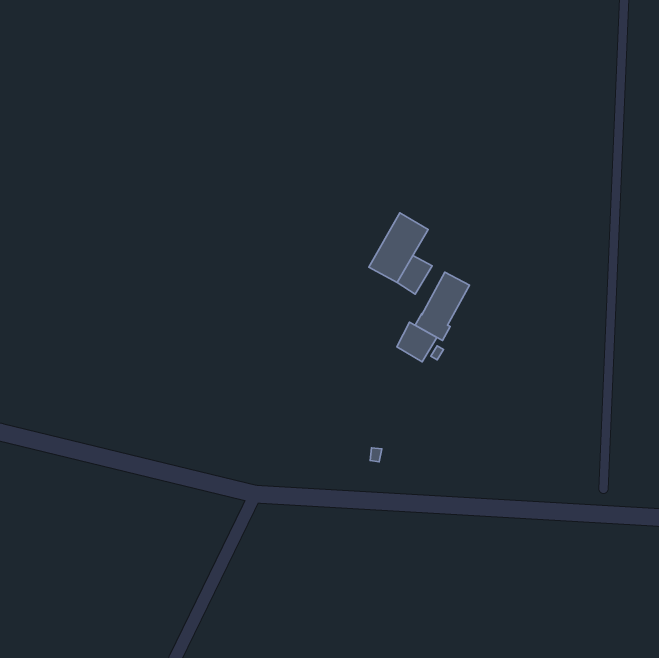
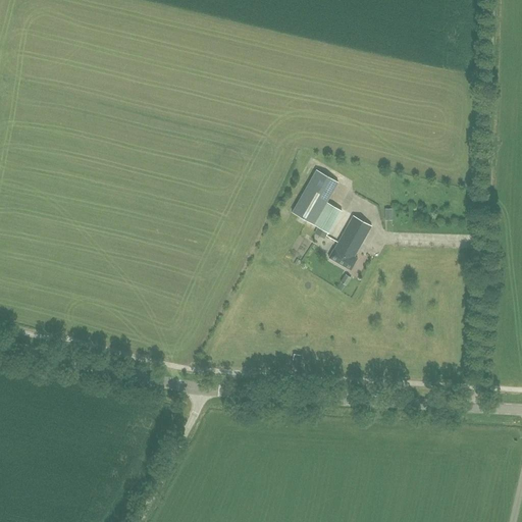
building: [397,322,437,362] -> none

